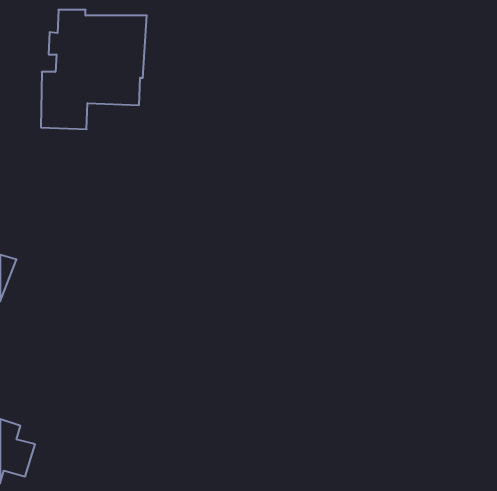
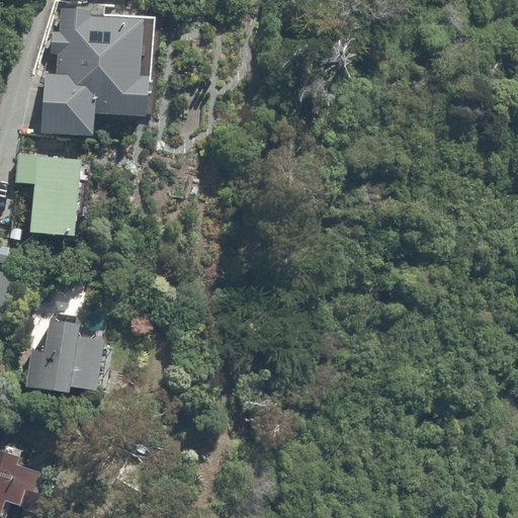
building: none -> [17,154,75,230]
building: none -> [26,314,102,387]

